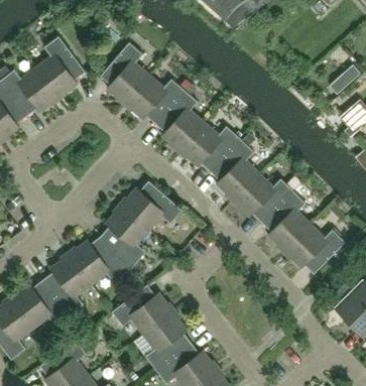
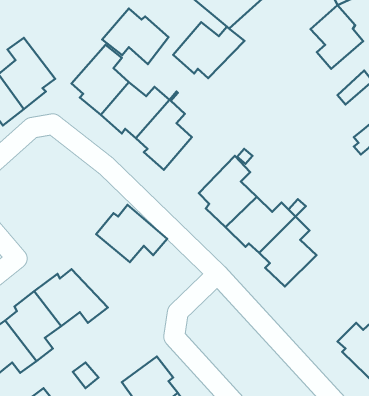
building: none -> [310,5,363,69]
building: none -> [102,9,169,64]
building: [179,122,241,170] -> [173,22,244,78]
building: [100,206,150,269] -> none
building: [284,224,345,274] -> none
building: [112,284,173,334] -> none

